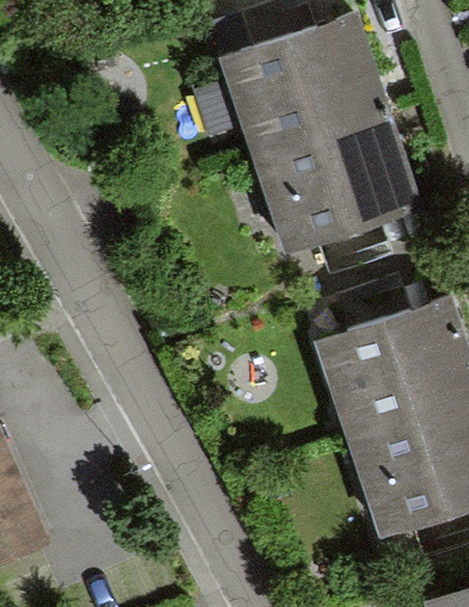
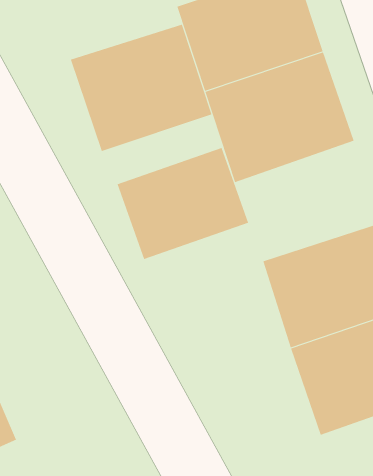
building: none -> [70,24,212,152]
building: none -> [117,147,249,260]

